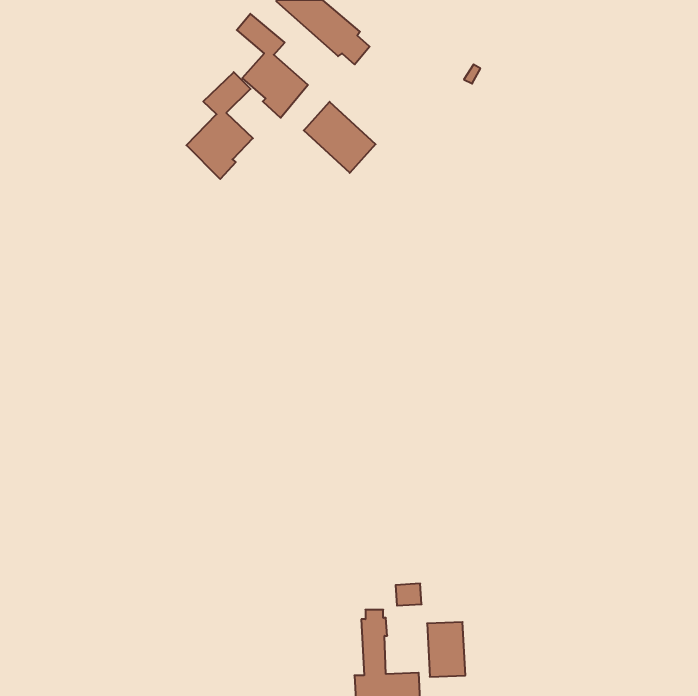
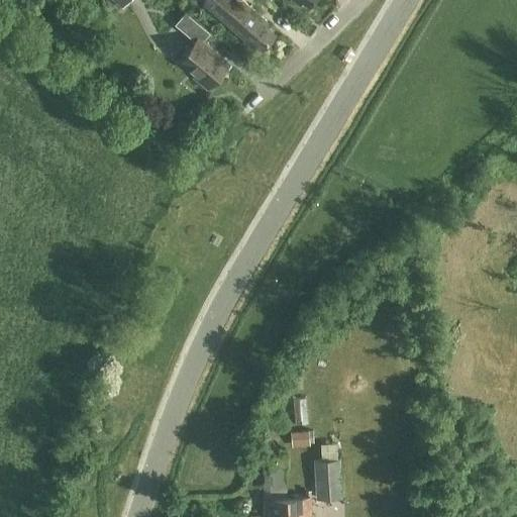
building: [186,72,253,179] -> none
building: [304,102,376,173] -> none

